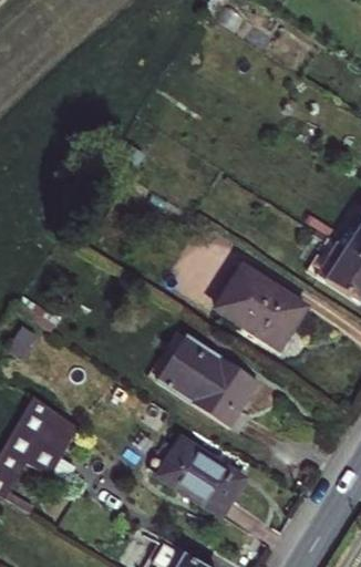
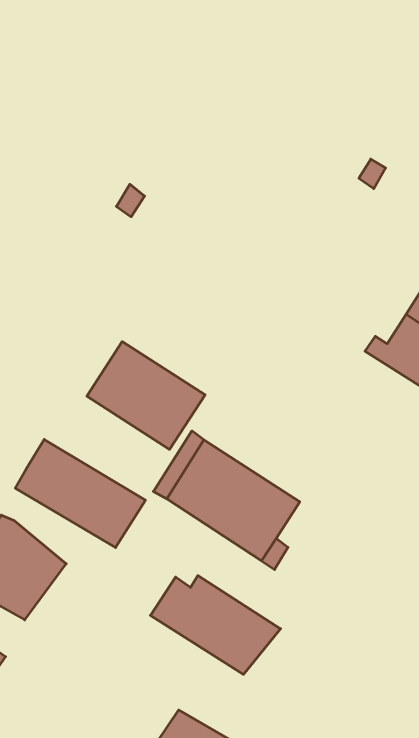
building: [218,267,307,348] -> [87,342,205,449]
building: none -> [15,439,145,548]

